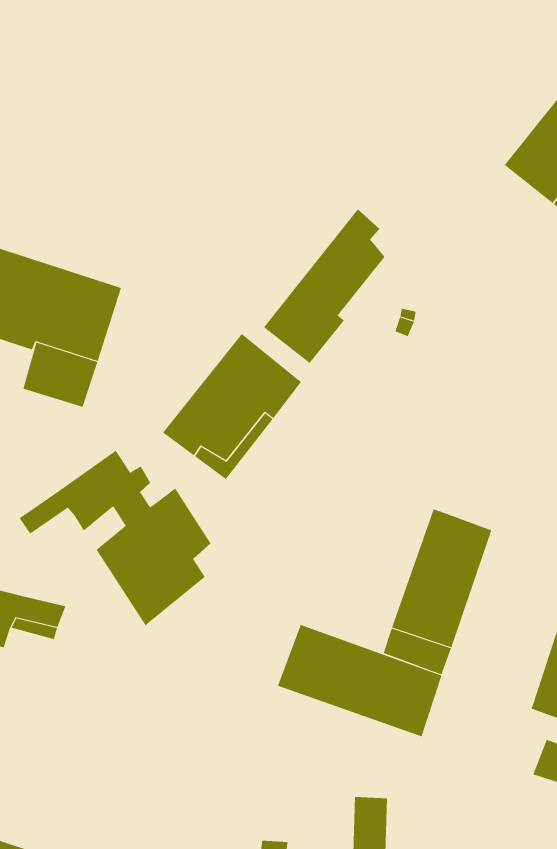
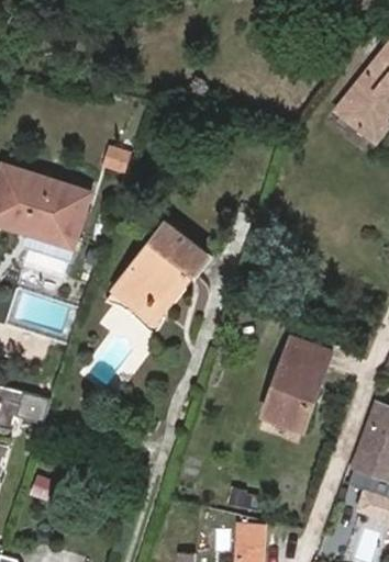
building: [263,209,385,364] -> none
building: [19,450,211,626] -> none
building: [277,624,442,737] -> none

